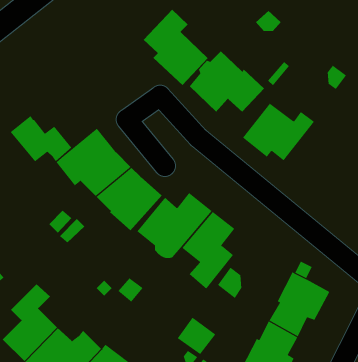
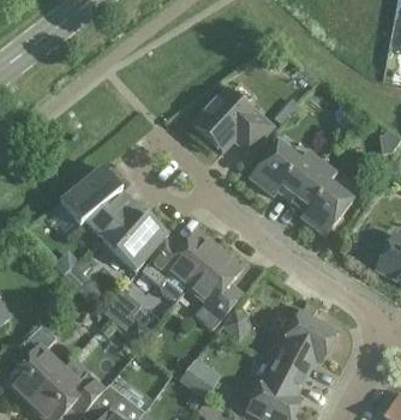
building: [143,9,208,86] -> none
building: [10,115,72,162] -> none
building: none -> [289,161,352,235]

